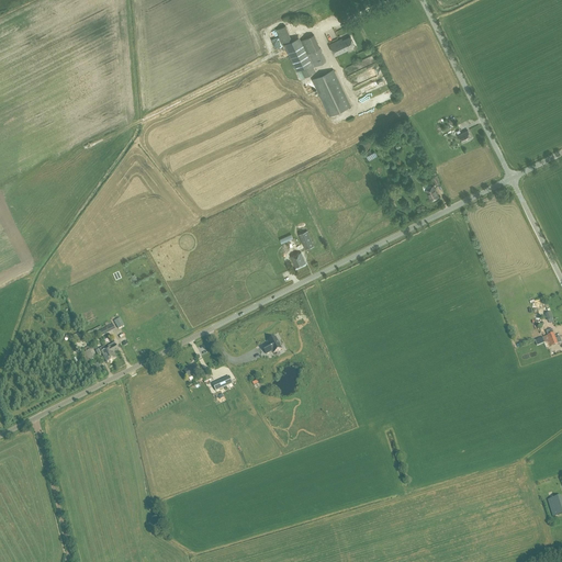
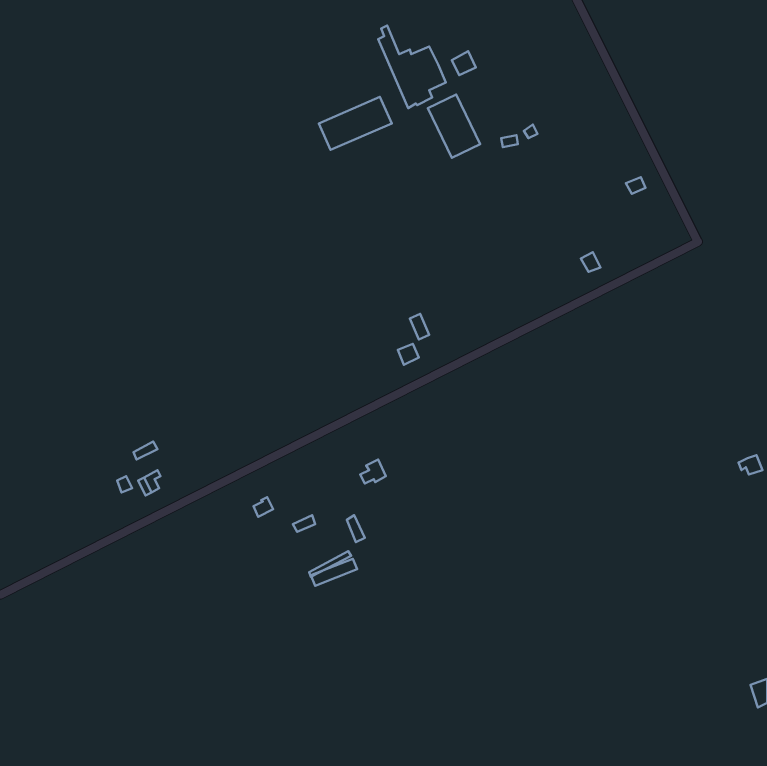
building: none -> [319,97,392,150]

